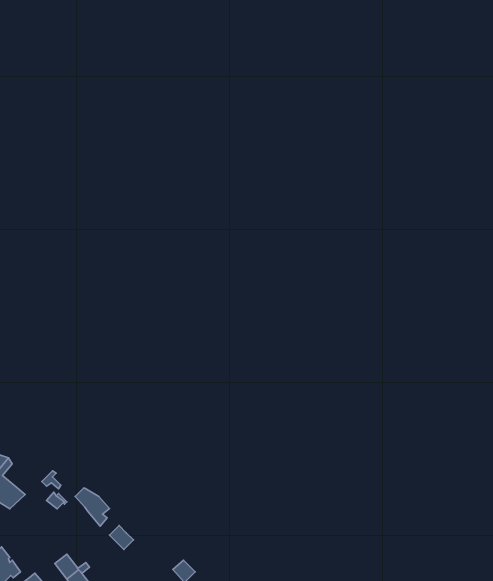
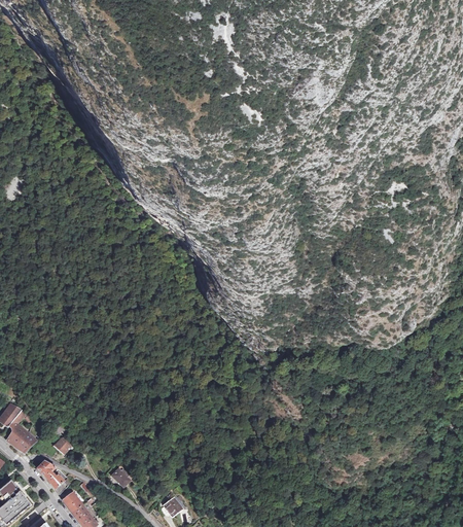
building: [75,488,110,526] -> [37,461,67,494]

